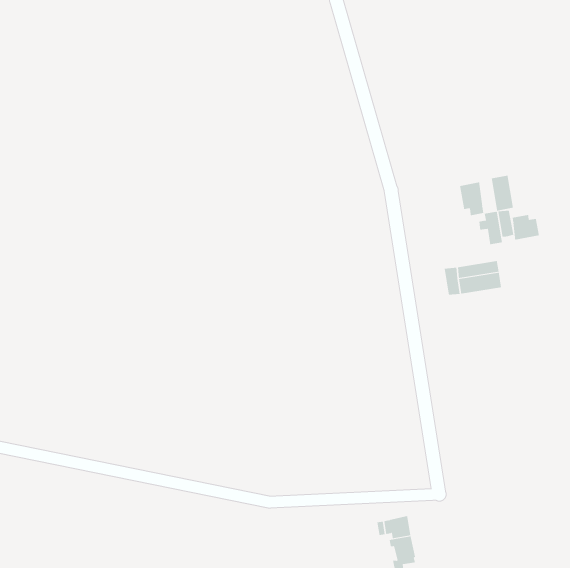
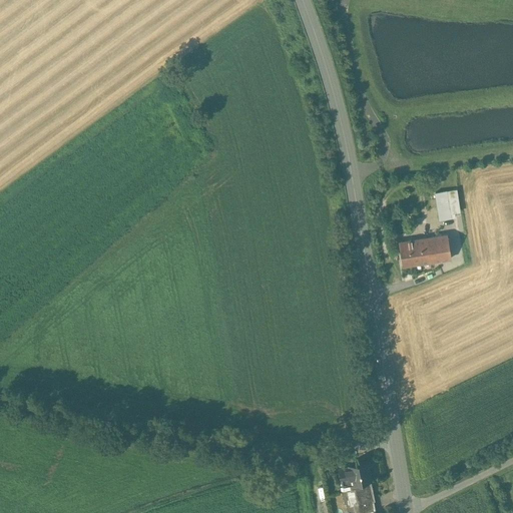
building: [491,175,514,211] -> none
building: [459,182,484,216] -> none
building: [512,214,539,240] -> none

